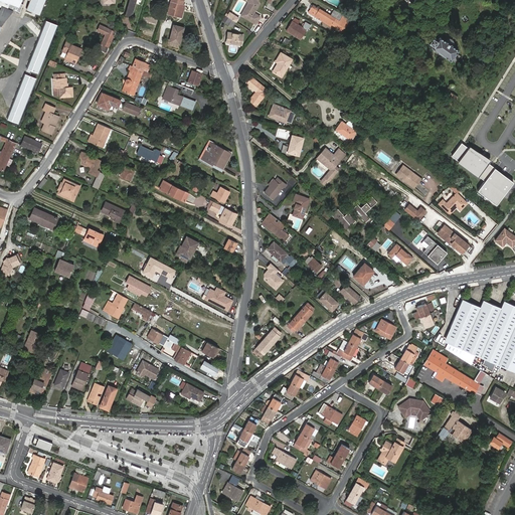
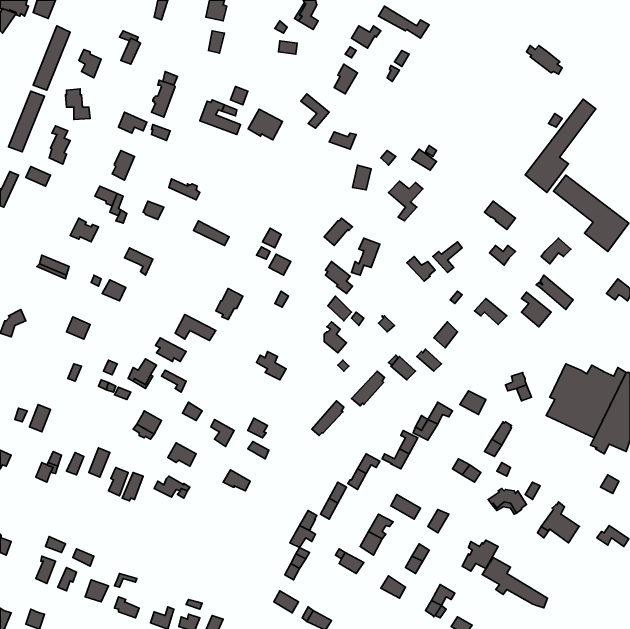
building: none -> [525,99,596,193]
building: [202,143,230,168] -> [248,109,283,140]
building: [424,351,478,392] -> [482,557,548,608]

